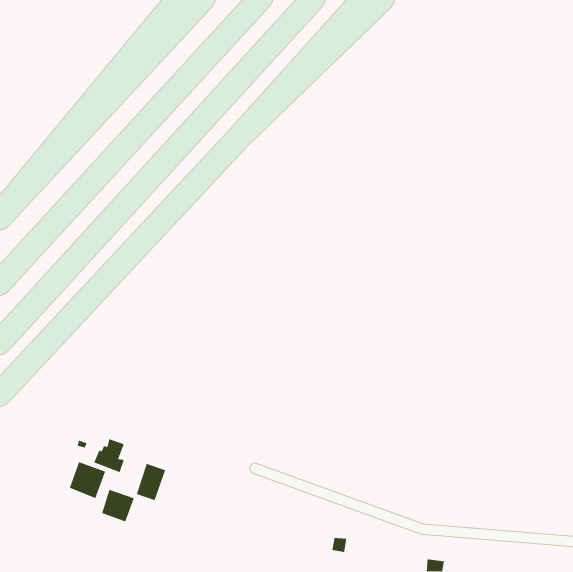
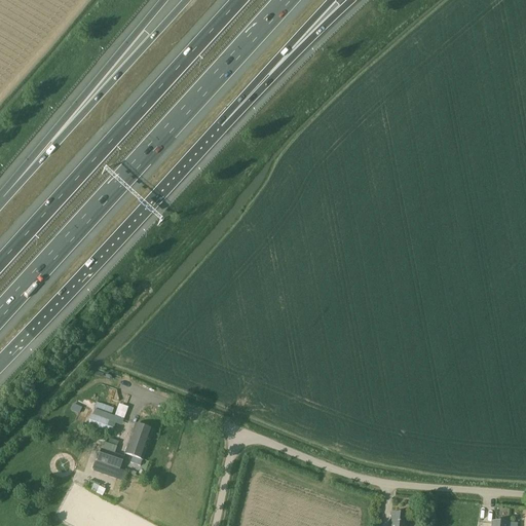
building: [69,461,106,499] -> none

